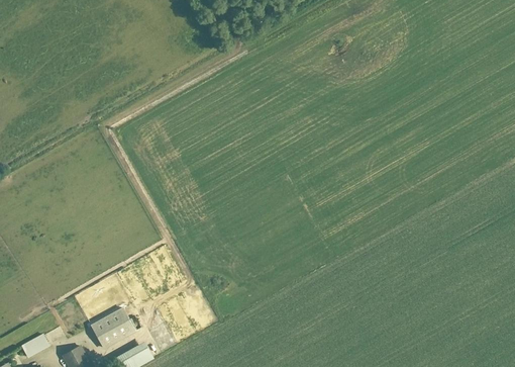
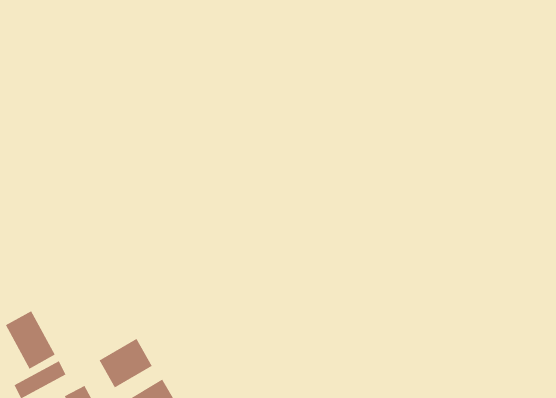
building: none -> [5,310,56,370]

